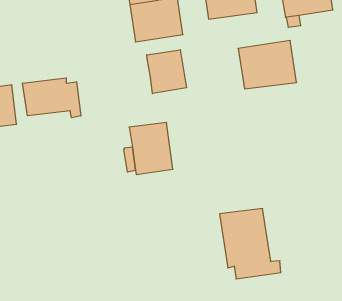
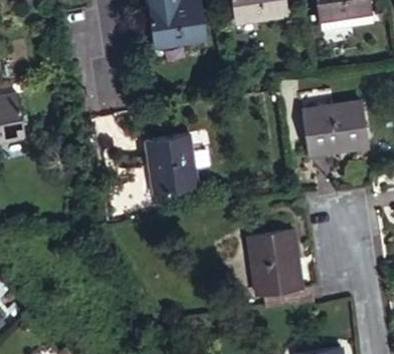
building: [238,40,297,89] -> [303,101,367,154]
building: [147,50,186,94] -> none
building: [23,78,81,118] -> none

